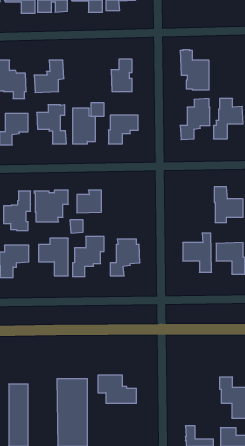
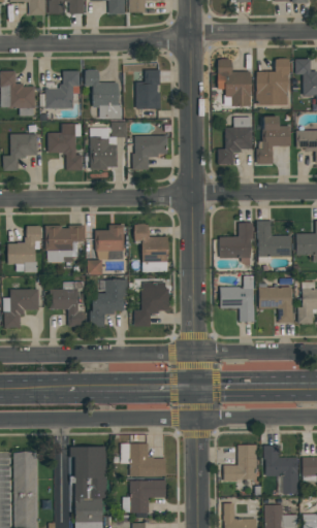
building: none -> [256,59,289,105]
building: none -> [85,69,122,119]
building: none -> [219,223,253,266]
building: none -> [134,225,167,271]
building: none -> [223,446,256,482]
building: none -> [123,480,165,514]

